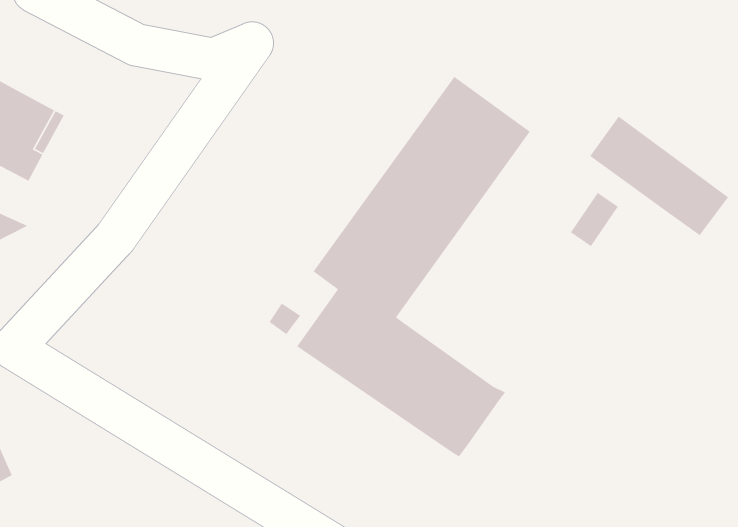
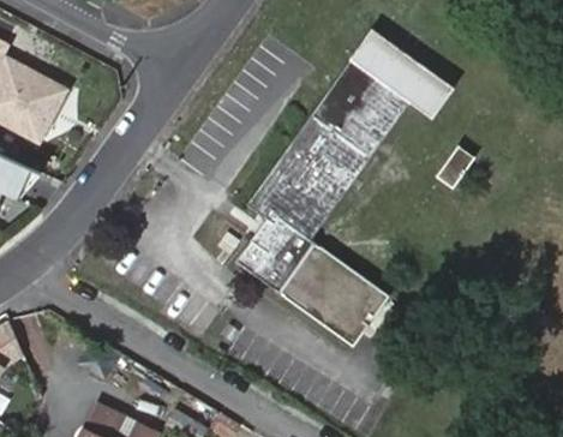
building: [589,115,729,236] -> [352,32,455,121]

